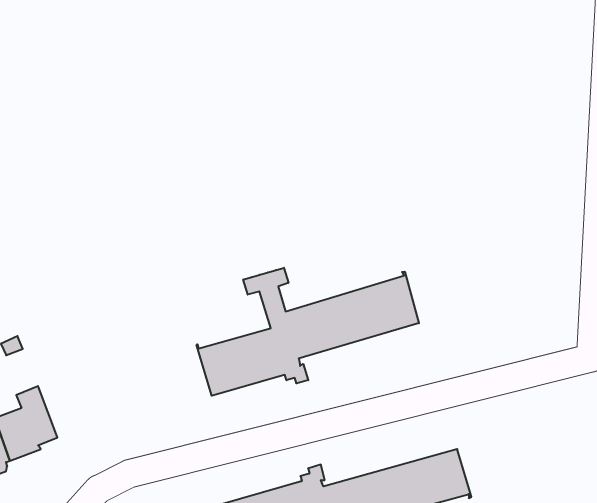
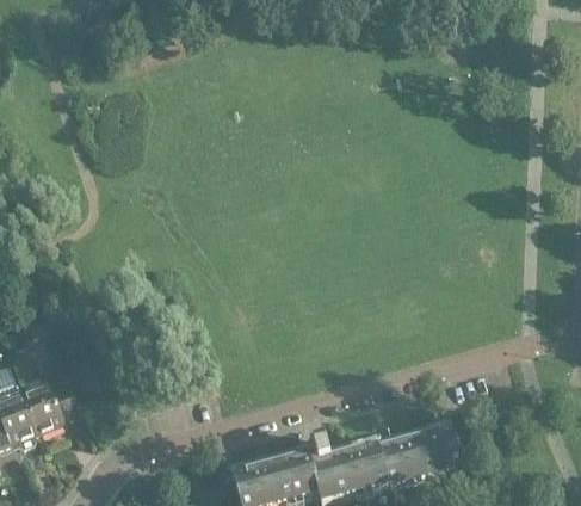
building: [197,268,419,396] -> none

